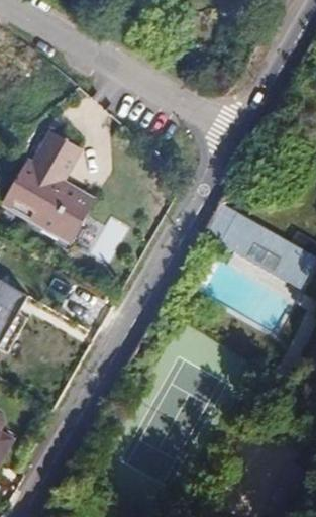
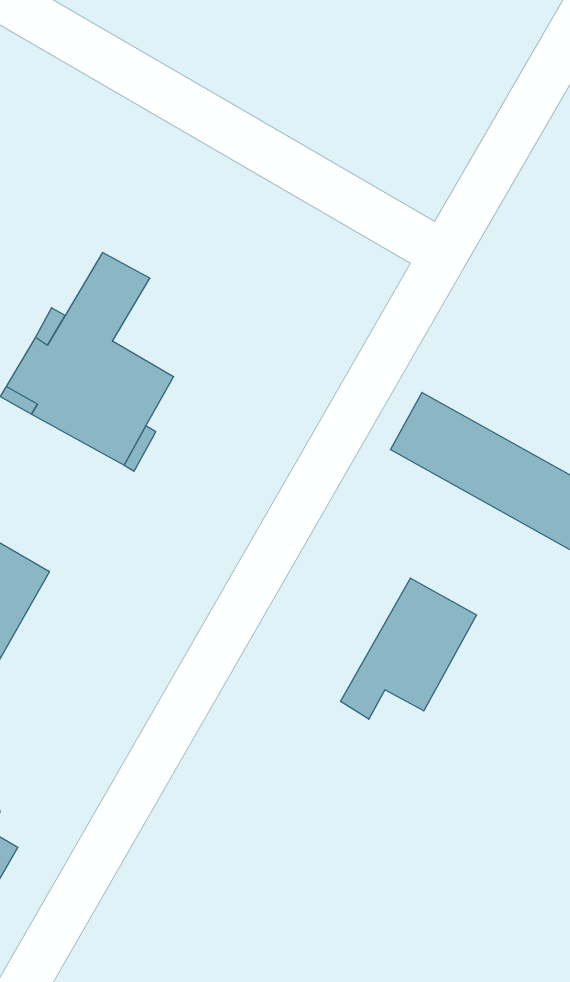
building: none -> [341,578,477,719]

